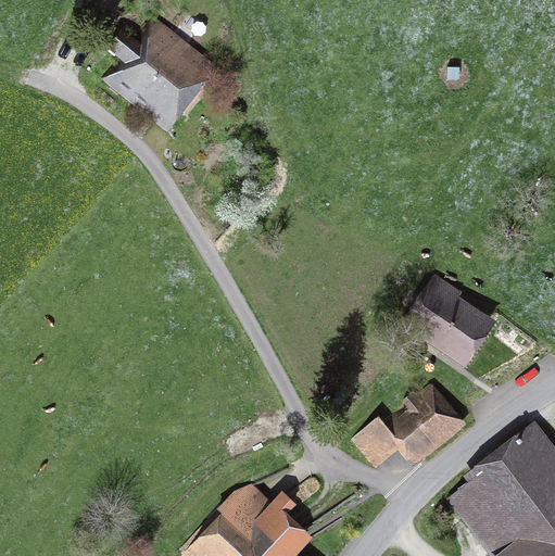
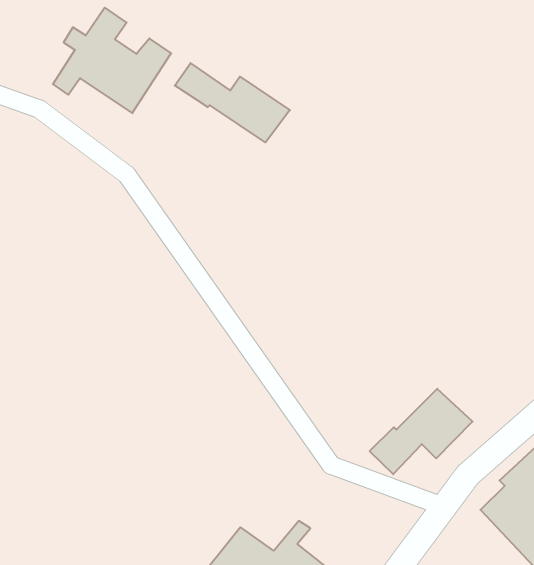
building: none -> [175,63,290,142]
building: [402,279,493,356] -> none

